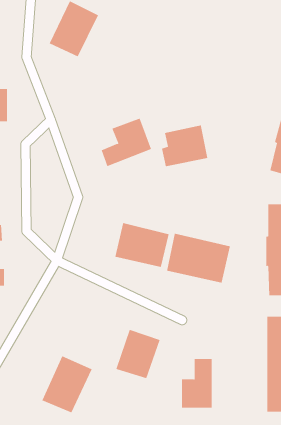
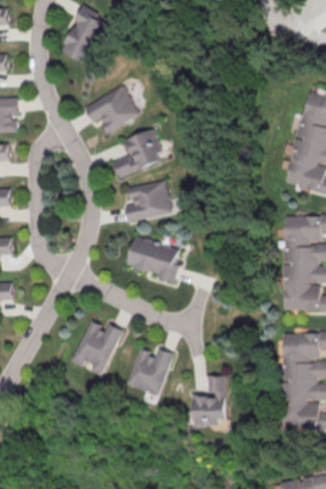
building: none -> [84,84,140,132]
building: [161,125,208,167] -> [125,179,174,222]
building: [166,233,231,283] -> none
building: [41,356,92,413] -> [72,316,124,376]

